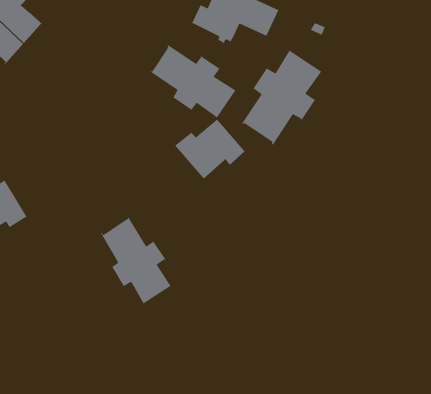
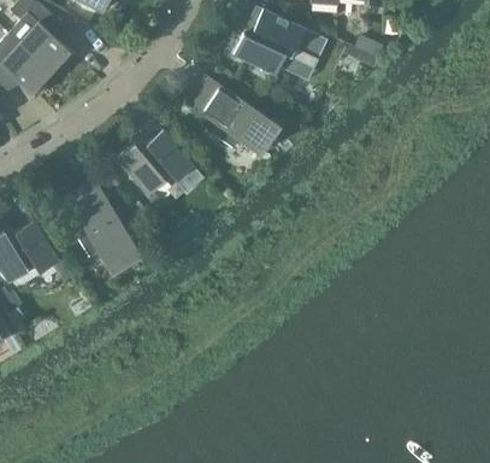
building: [241,50,322,146] -> none
building: [174,118,245,180] -> [117,130,193,195]
building: [100,216,171,304] -> [65,181,141,275]

